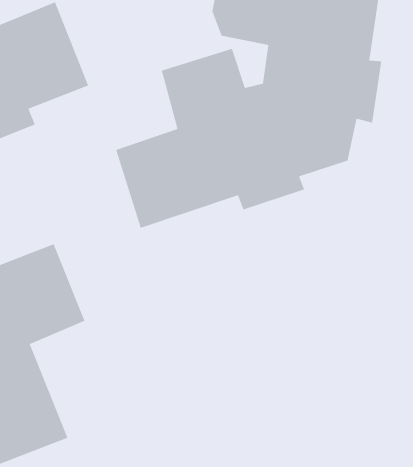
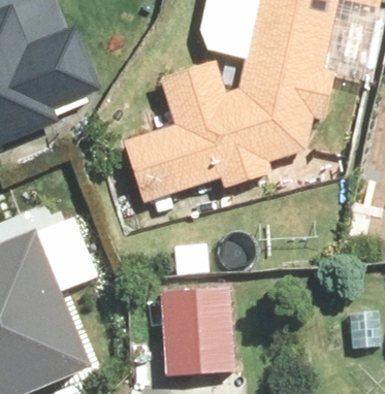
building: none -> [161,286,236,374]

